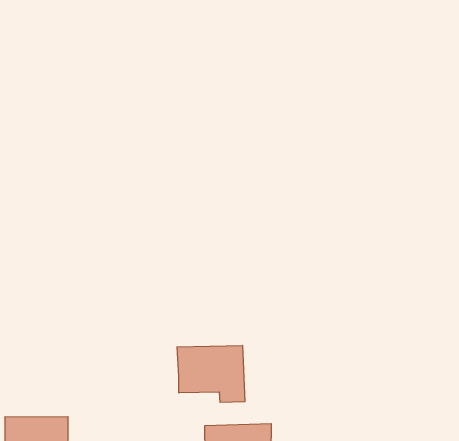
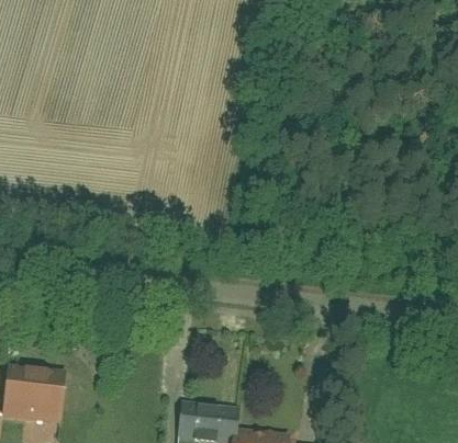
building: [177,345,245,402] -> none

